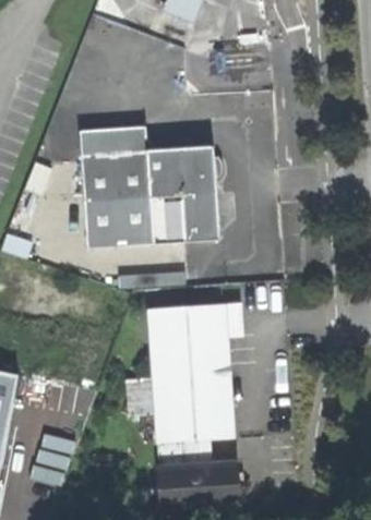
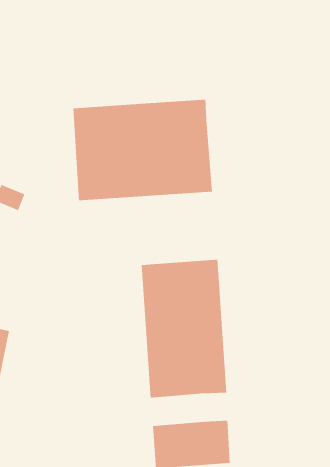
building: [80,123,163,155] -> none
building: [157,437,211,469] -> none

